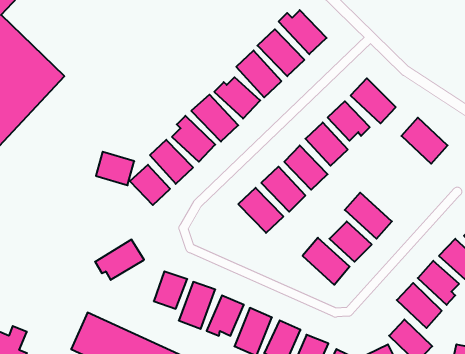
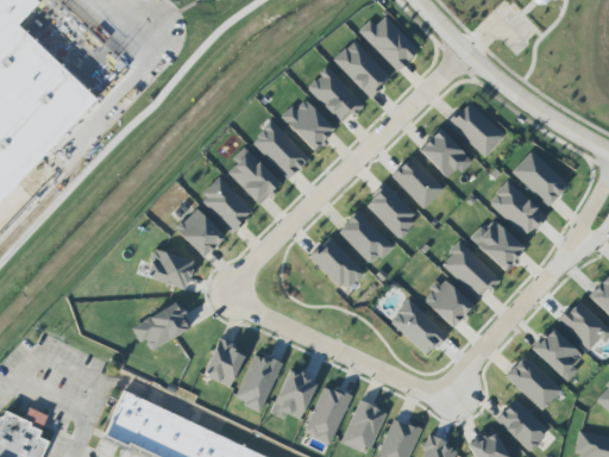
building: none -> [488,180,546,237]
building: [96,152,134,185] -> [146,248,194,289]
building: none -> [471,217,526,270]

